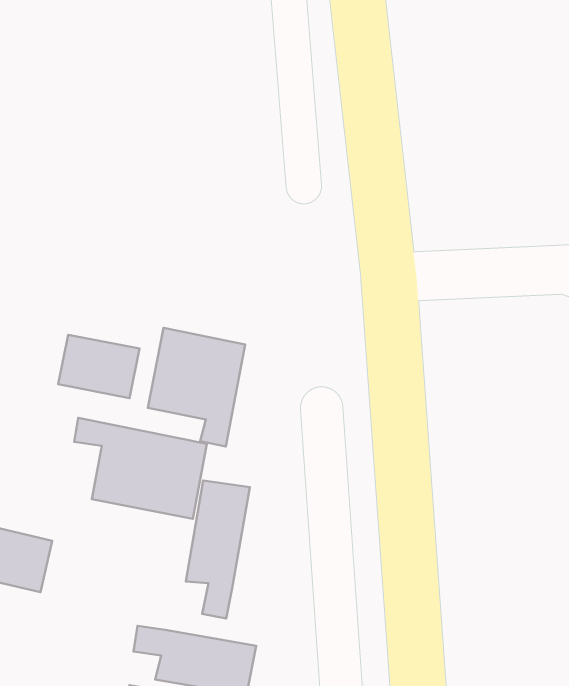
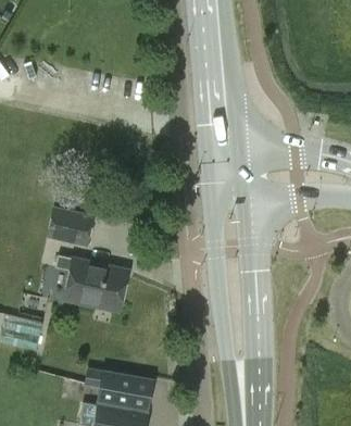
building: [148,328,245,447] -> none
building: [186,480,250,618] -> none

